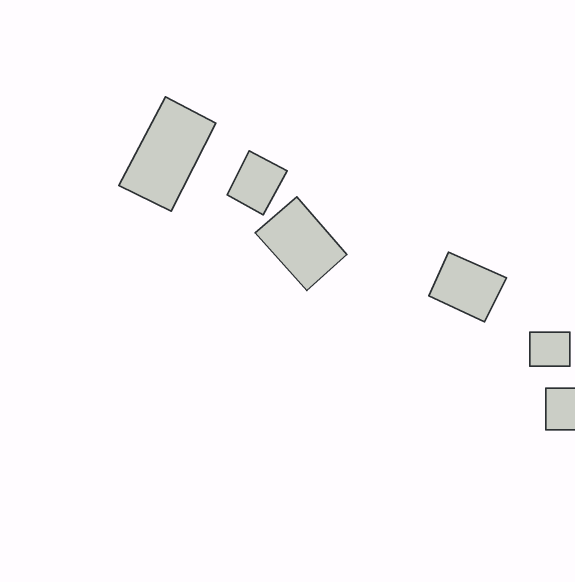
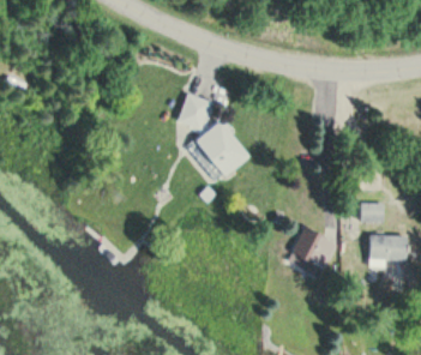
building: [119,97,216,211] -> none
building: [429,252,506,322] -> [291,227,338,269]

